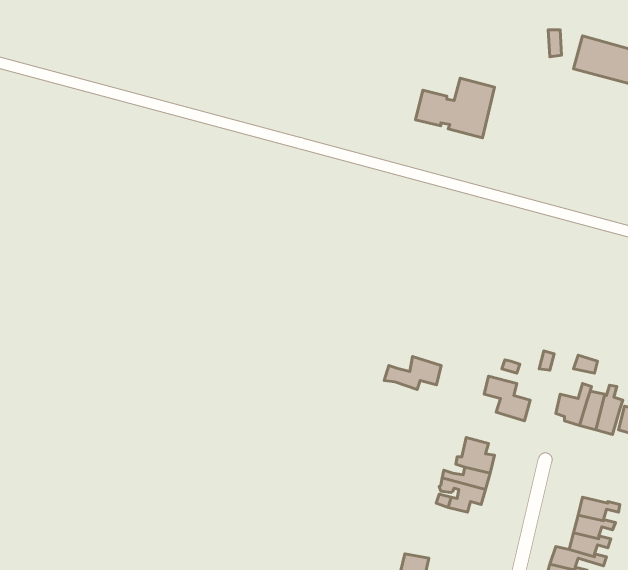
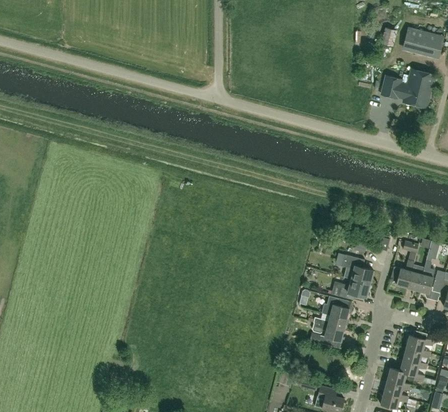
building: [415,78,494,138] -> [381,69,434,109]
building: [384,357,441,389] -> [331,279,369,301]

